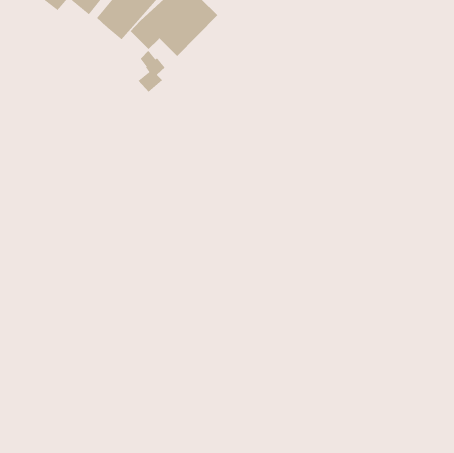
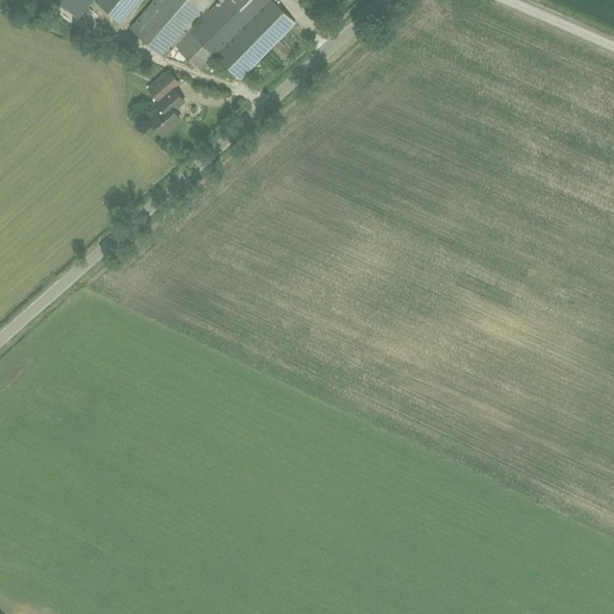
building: [138,50,166,93] -> [146,74,183,132]

